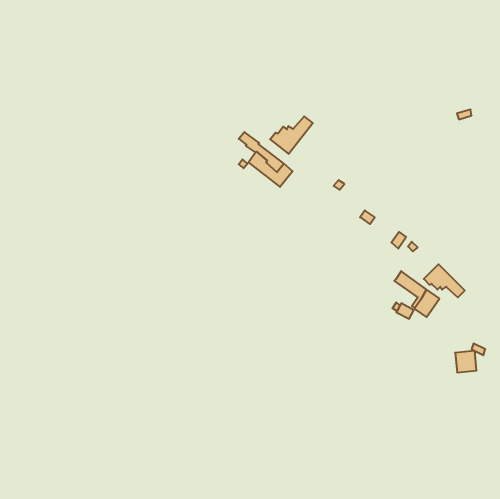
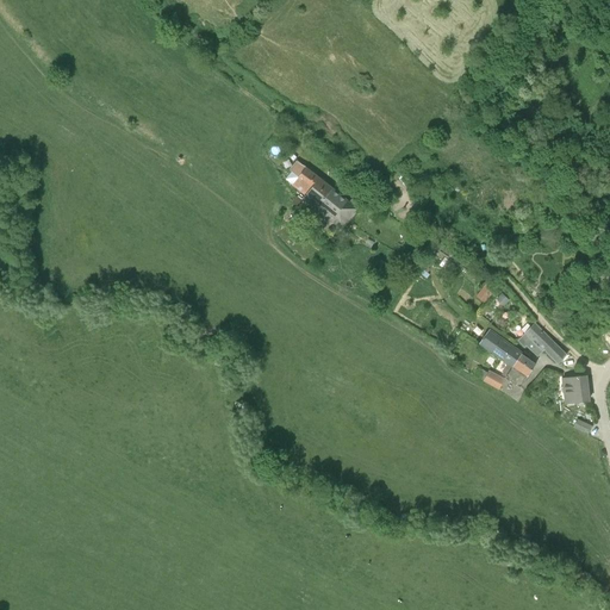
building: [270,116,313,154] -> none
building: [455,351,477,372] -> [562,375,589,402]

